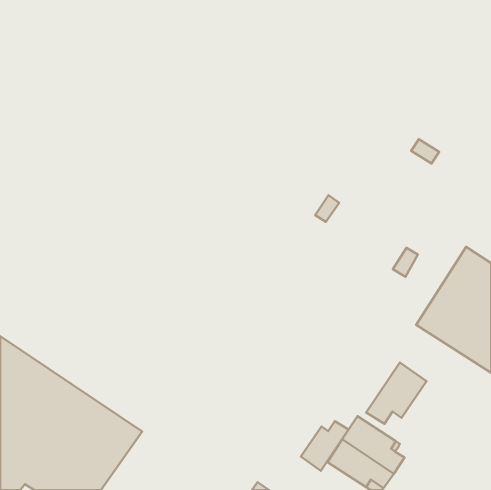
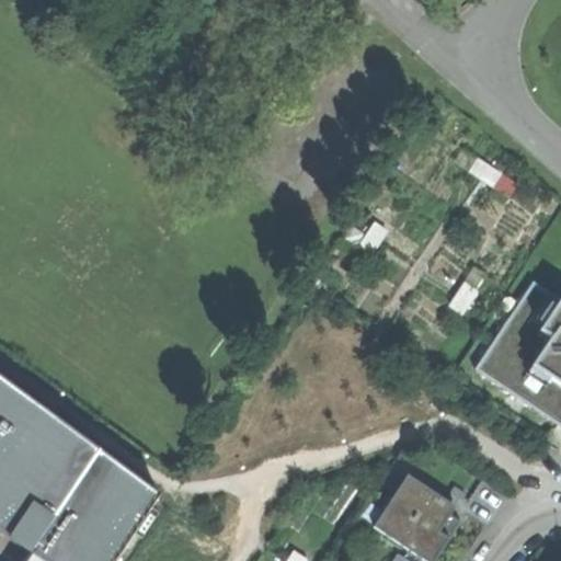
building: [366,362,427,424] -> none
building: [301,421,348,471] -> none

